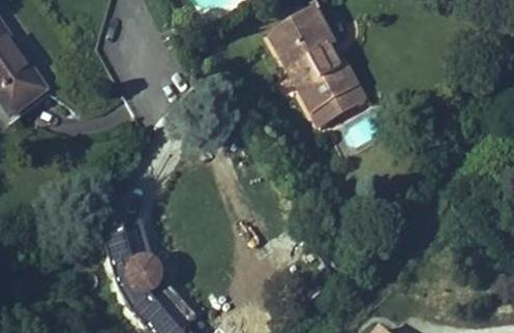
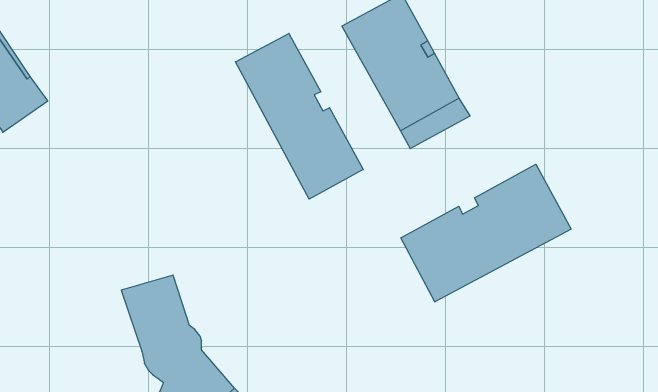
building: none -> [235,33,363,199]
building: none -> [401,164,571,302]

